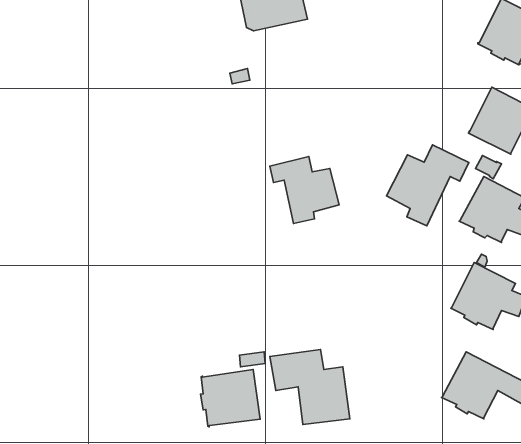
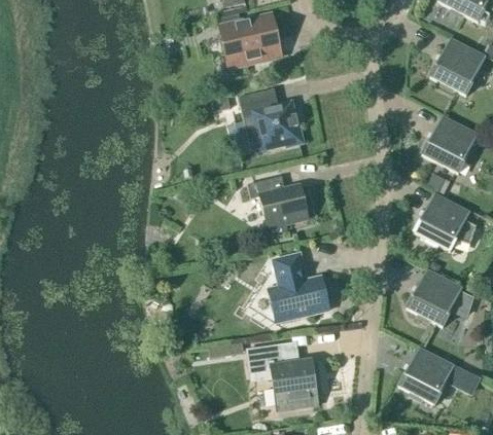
building: none -> [239,87,305,151]
building: [386,145,469,226] -> none
building: none -> [269,253,329,321]
building: [201,370,260,427] -> none

